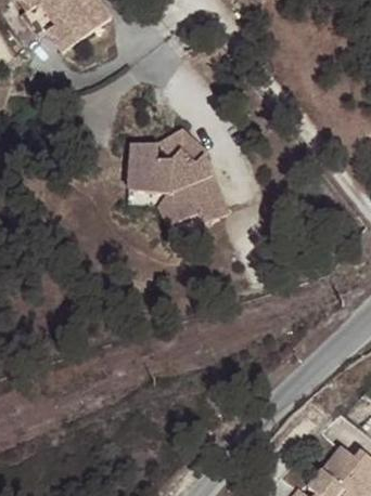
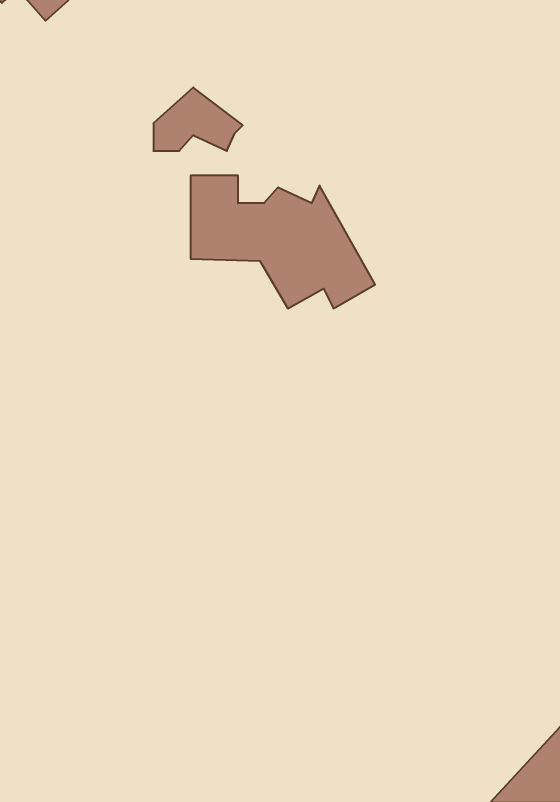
building: [164,126,213,160] -> [153,87,243,151]

